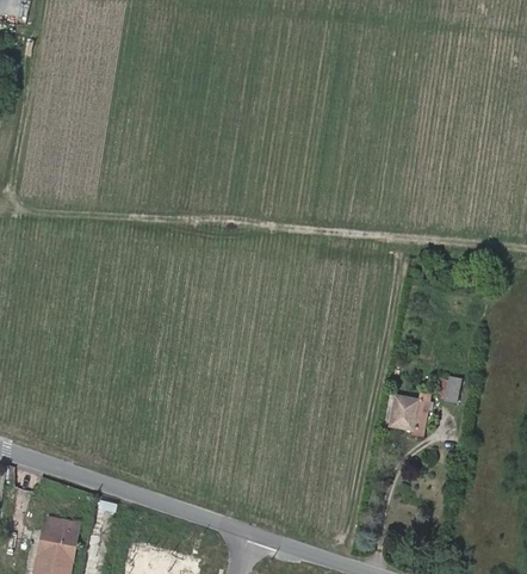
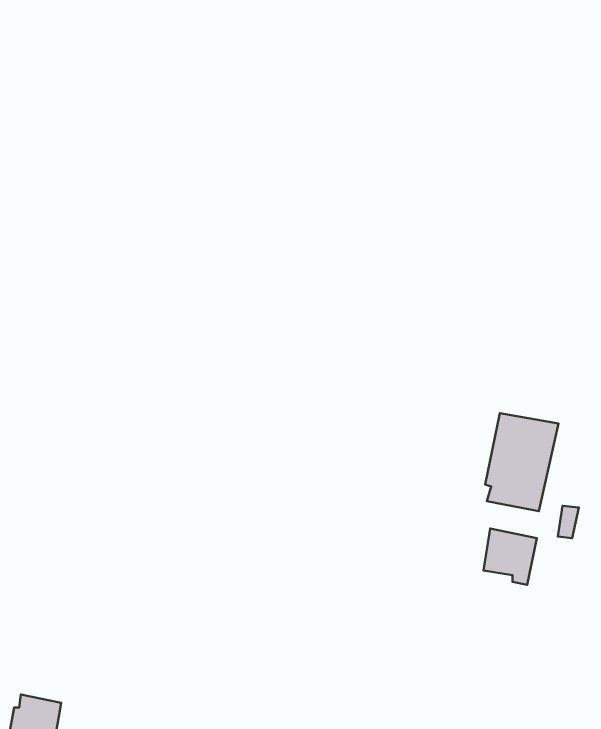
building: none -> [485,413,558,511]

